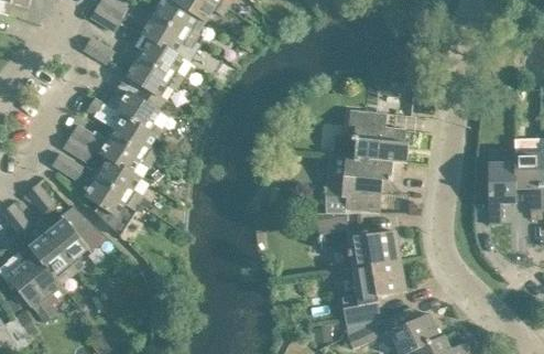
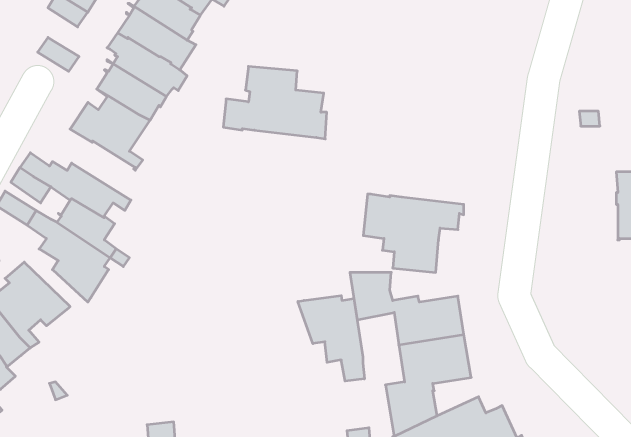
building: [87,96,156,158] -> none
building: [330,108,407,162] -> [223,66,327,139]
building: [487,161,515,222] -> none
building: none -> [298,296,364,381]

